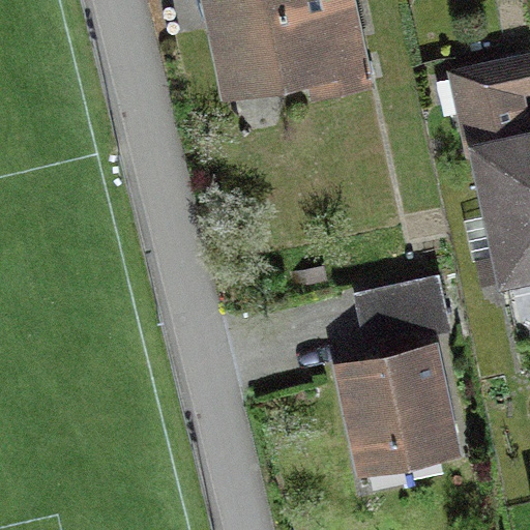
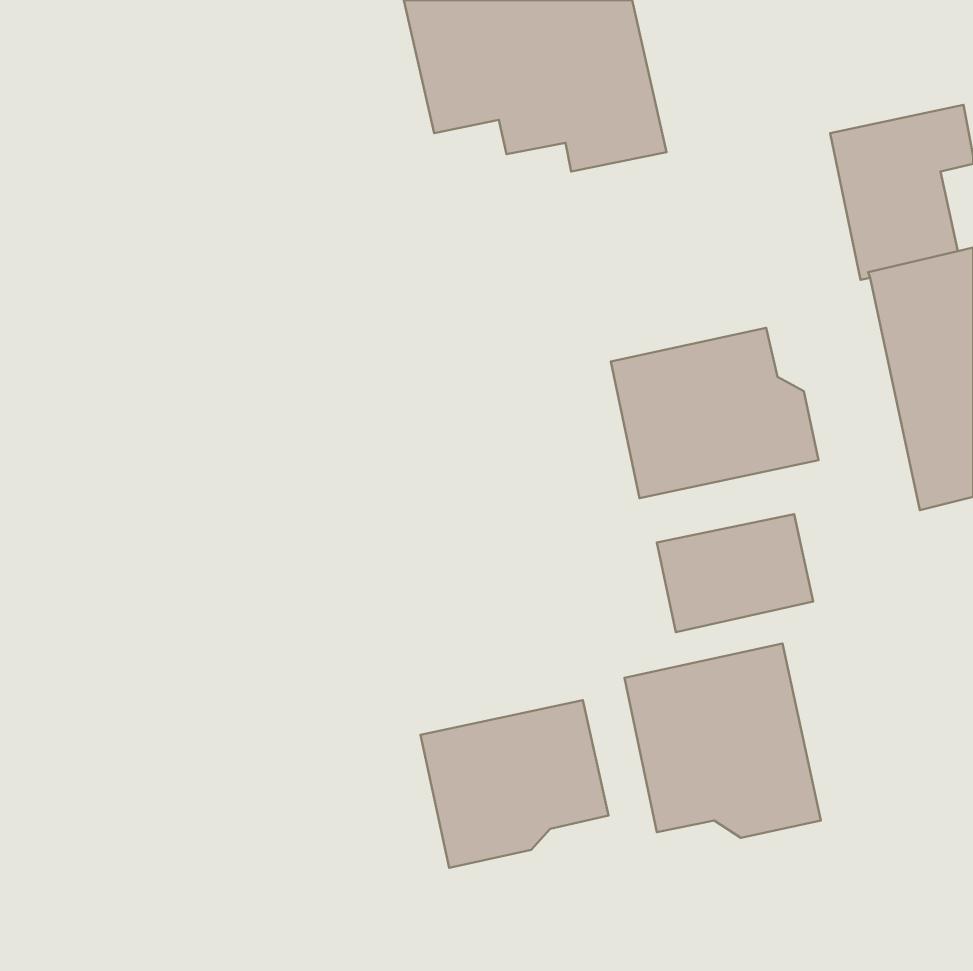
building: none -> [611,328,818,498]
building: none -> [420,700,608,868]

